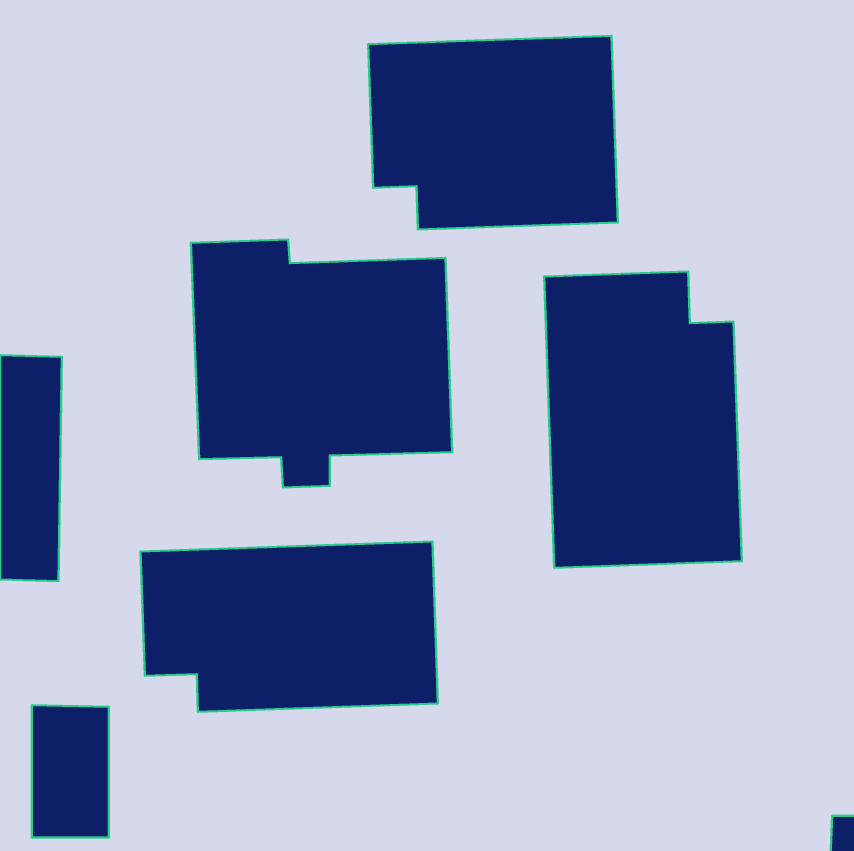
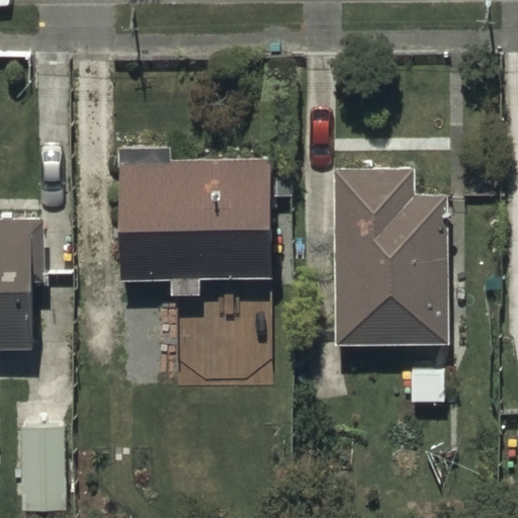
building: [368,36,618,230] -> none
building: [140,541,438,712] -> none

